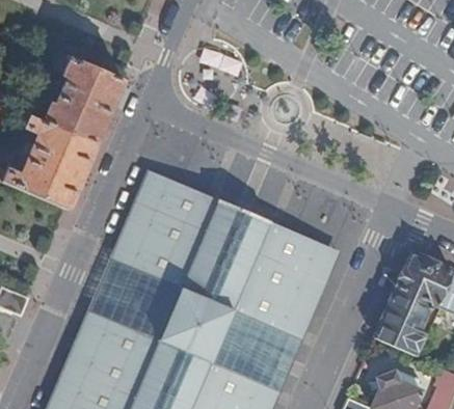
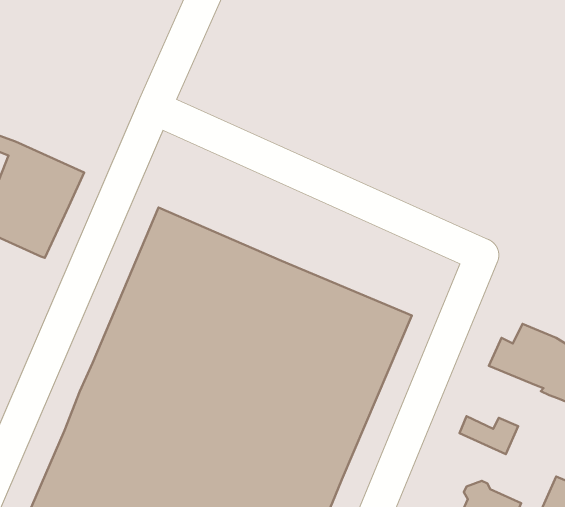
building: [44,51,122,144] -> none
building: [378,288,430,334] -> none

